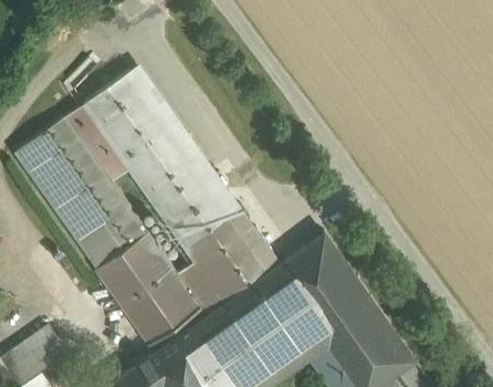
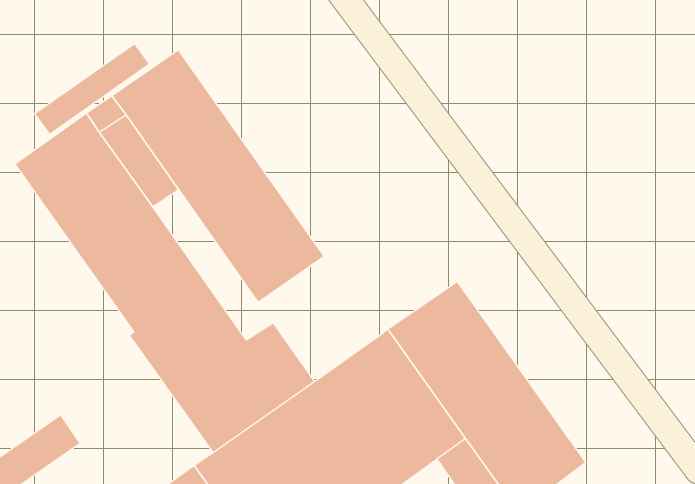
building: none -> [35,43,150,134]
building: [186,215,271,302] -> none

